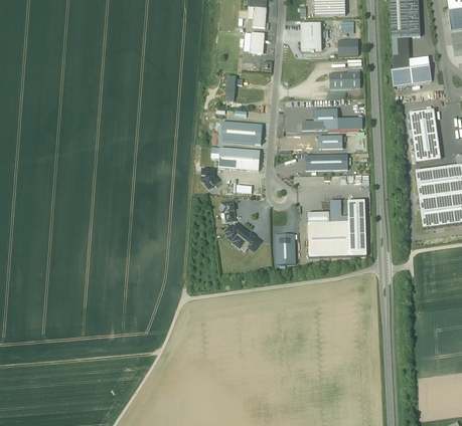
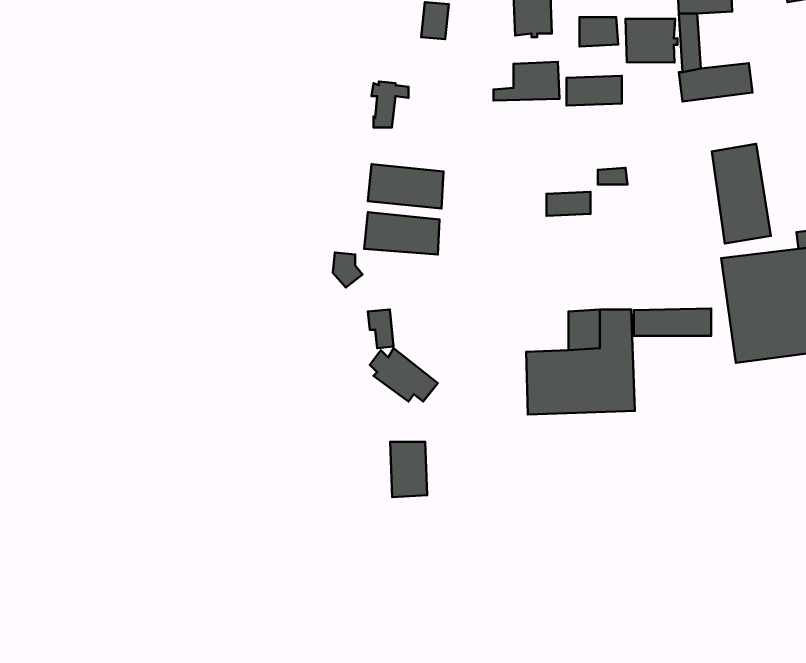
building: none -> [625,19,678,62]
building: [302,108,338,129] -> [493,62,560,101]
building: [305,154,347,169] -> [634,308,711,336]
building: [274,232,294,262] -> [390,442,427,497]

